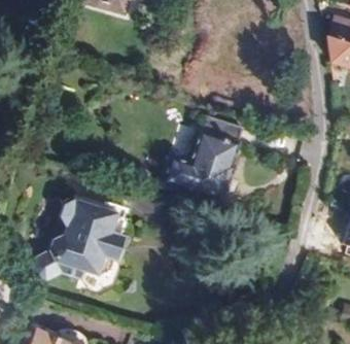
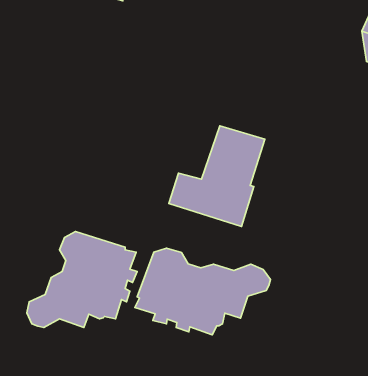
building: none -> [135,248,270,335]

